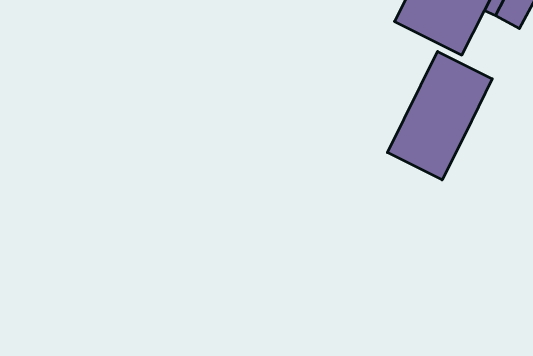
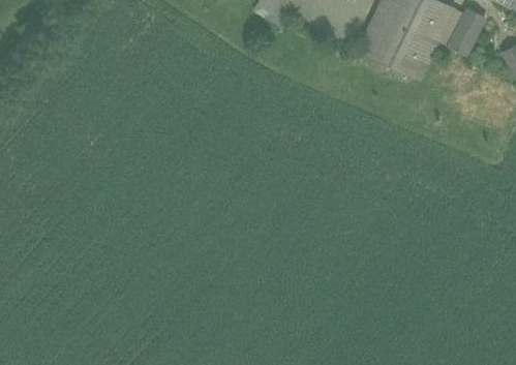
building: [387,51,492,180] -> none

